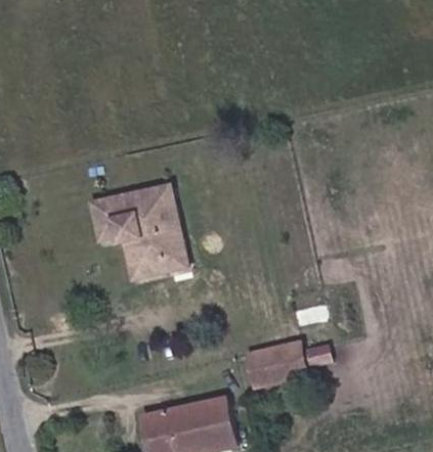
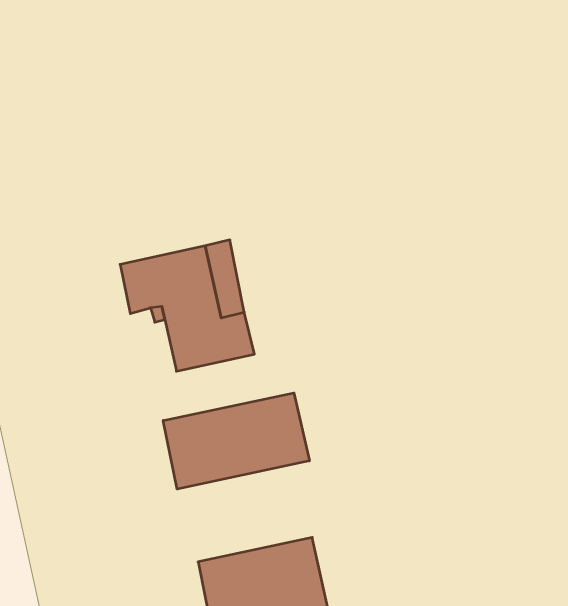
building: none -> [163,393,309,489]
building: [249,341,309,387] -> none

